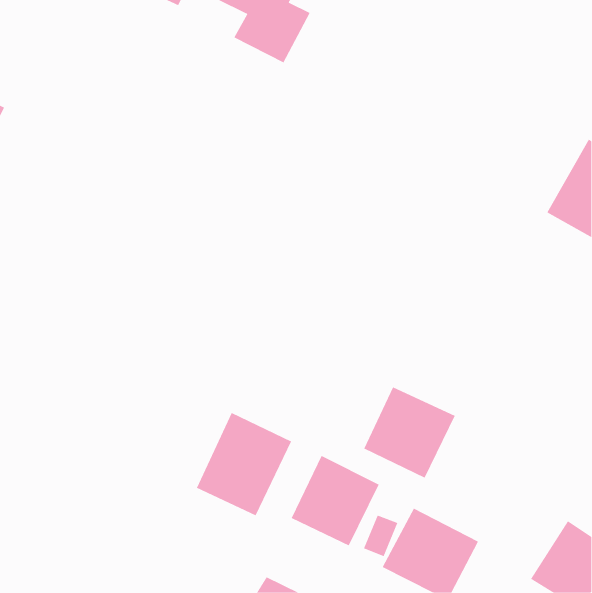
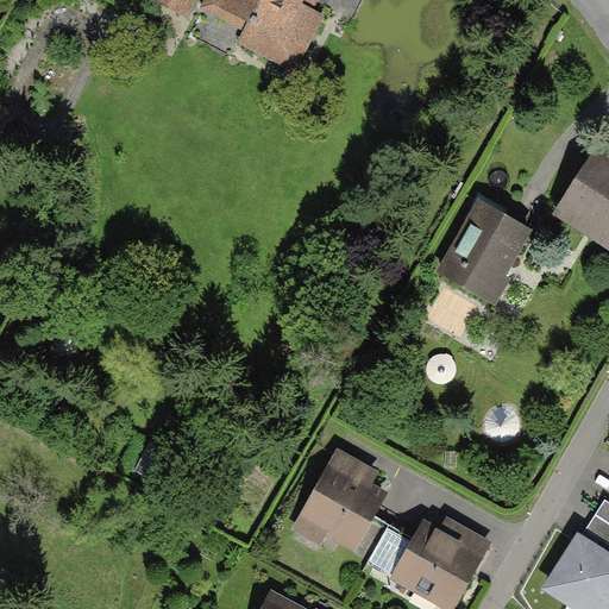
building: none -> [442,202,532,302]
building: [363,387,455,479] -> none
building: [196,412,292,516] -> none

